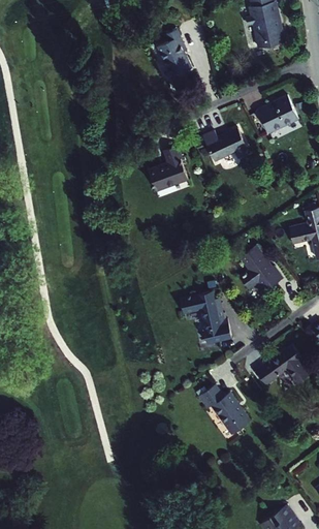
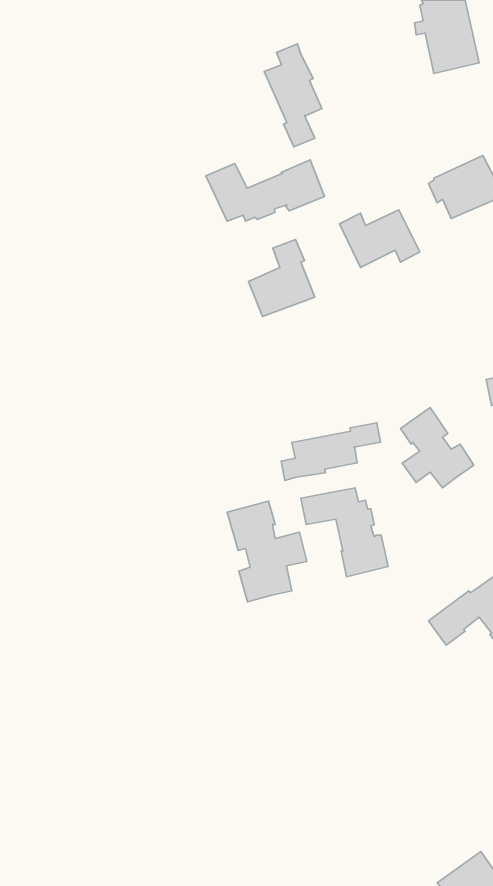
building: none -> [206,160,324,221]
building: none -> [281,423,380,480]
building: none -> [227,501,307,602]
building: [199,384,251,434] -> none

